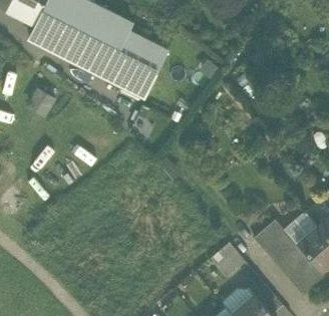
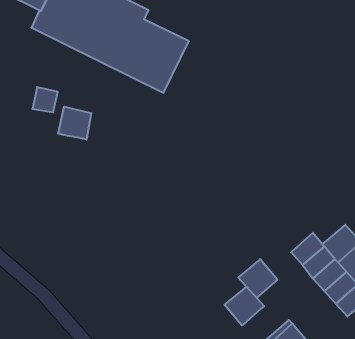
building: none -> [58,107,91,140]
building: none -> [224,287,264,325]

